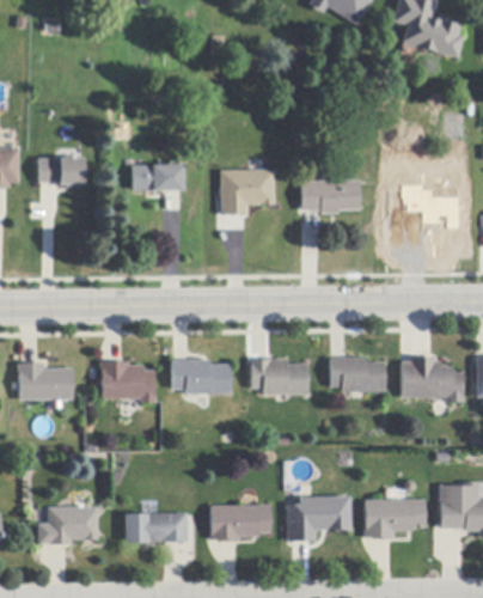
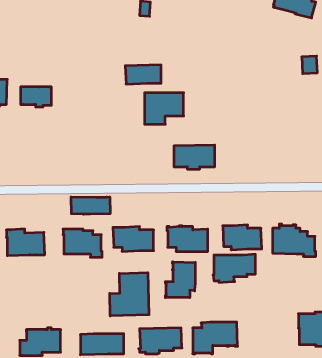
building: [132,164,183,191] -> [125,65,161,84]
building: [301,179,360,214] -> [174,145,215,169]
building: none -> [71,197,110,214]
building: none -> [165,262,195,298]
building: none -> [110,273,149,316]
building: [363,499,424,539] -> [213,254,255,282]

